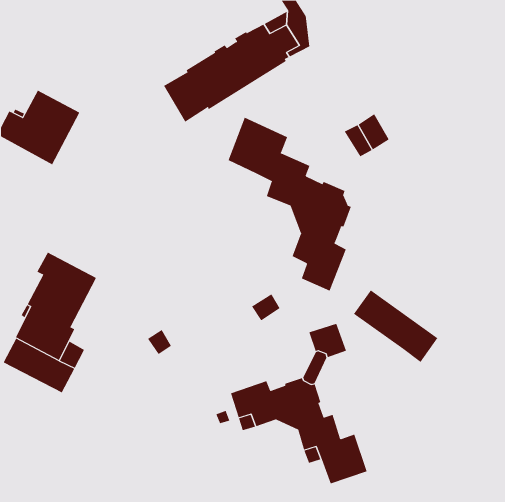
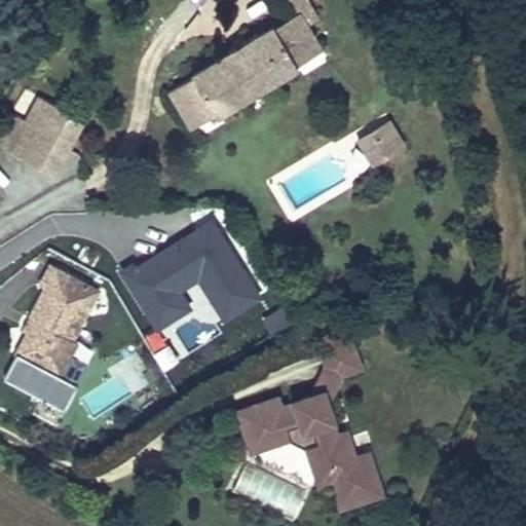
building: [228,117,351,291] -> none
building: none -> [118,219,263,332]
building: [353,289,438,363] -> none

